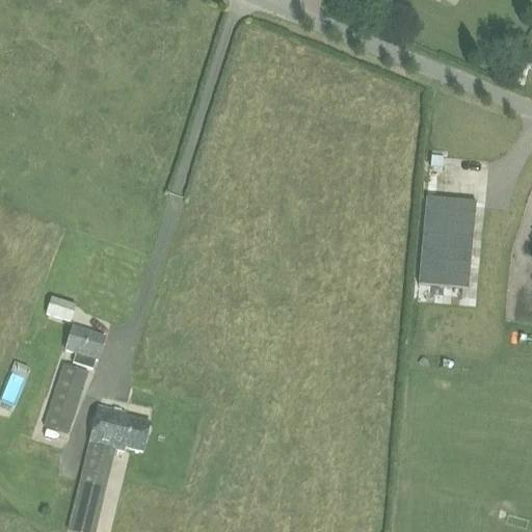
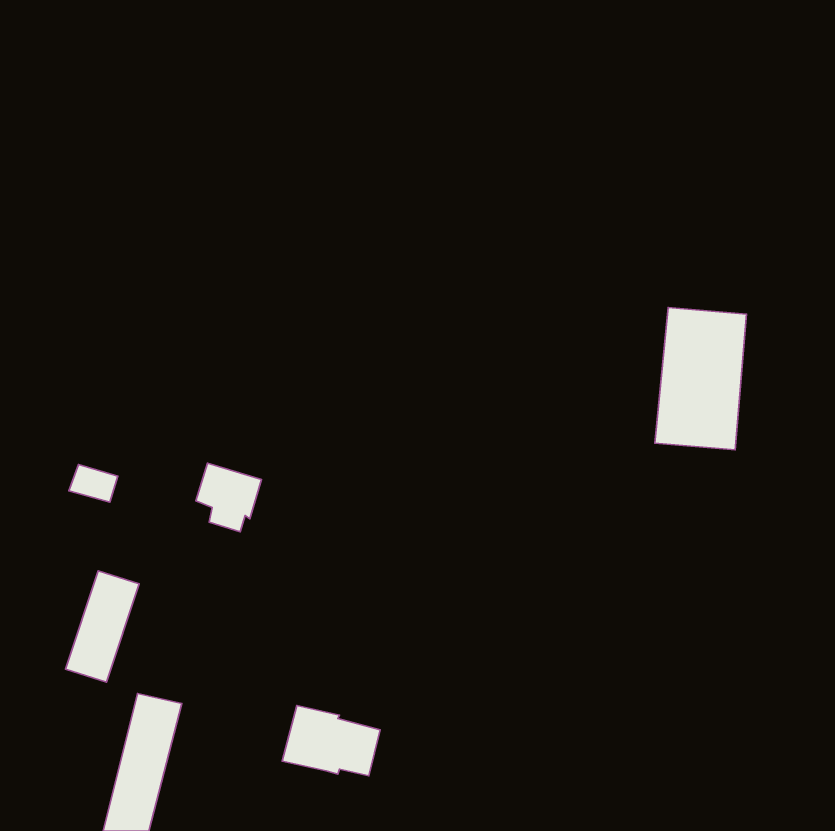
building: [64,324,106,368] -> [196,463,261,532]
building: [88,405,151,450] -> [282,705,380,776]

